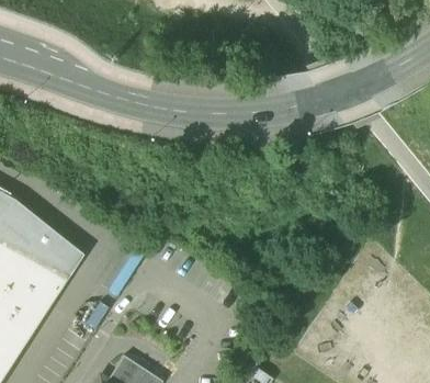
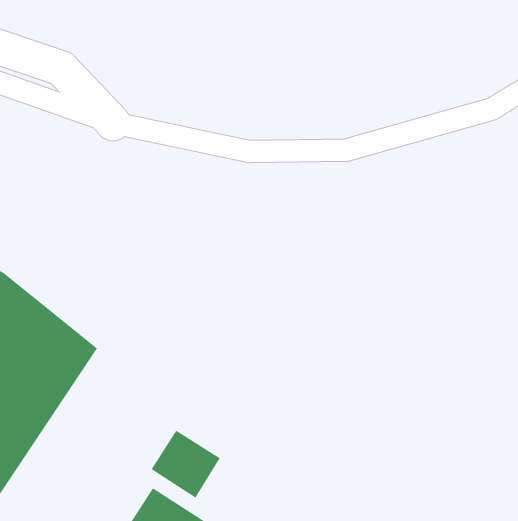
building: none -> [151,430,220,499]

